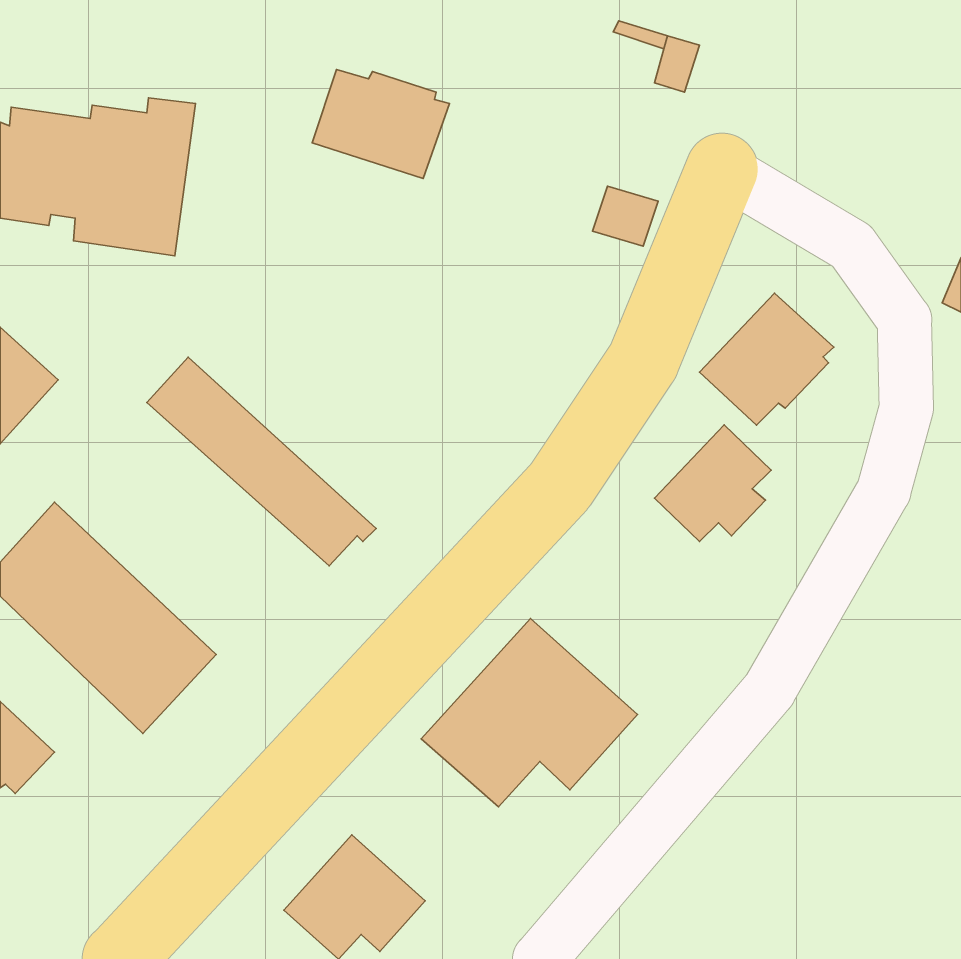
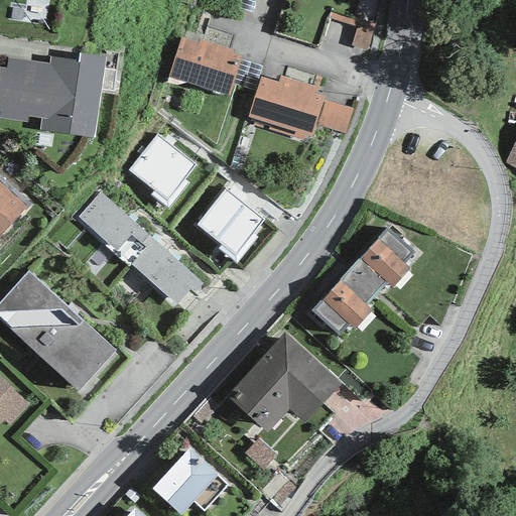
building: none -> [248,75,324,139]
building: none -> [127,133,196,209]
building: [699,293,834,425] -> none
building: none -> [196,186,264,262]
building: none -> [310,267,375,336]

